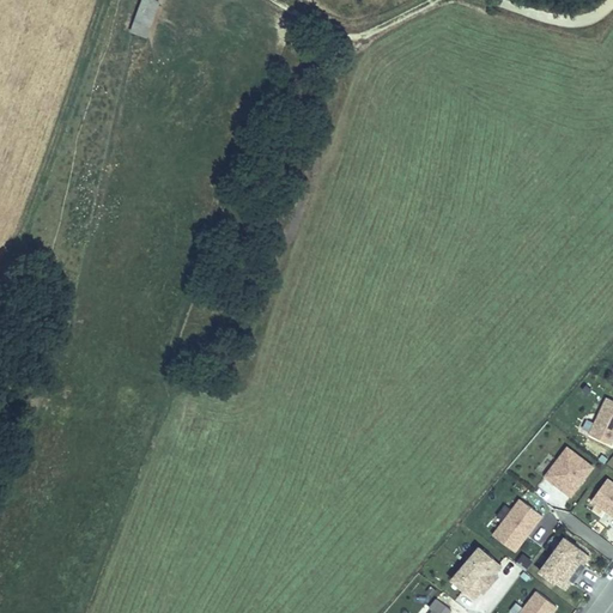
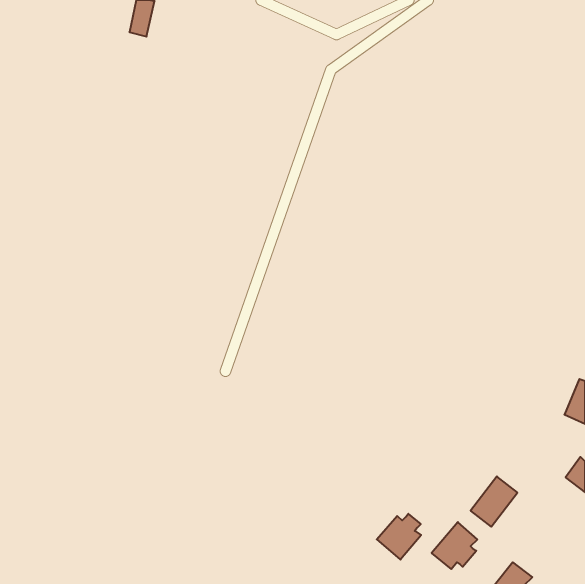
building: [545,448,593,497] -> none
building: [539,538,585,587] -> none
building: none -> [377,514,421,560]

